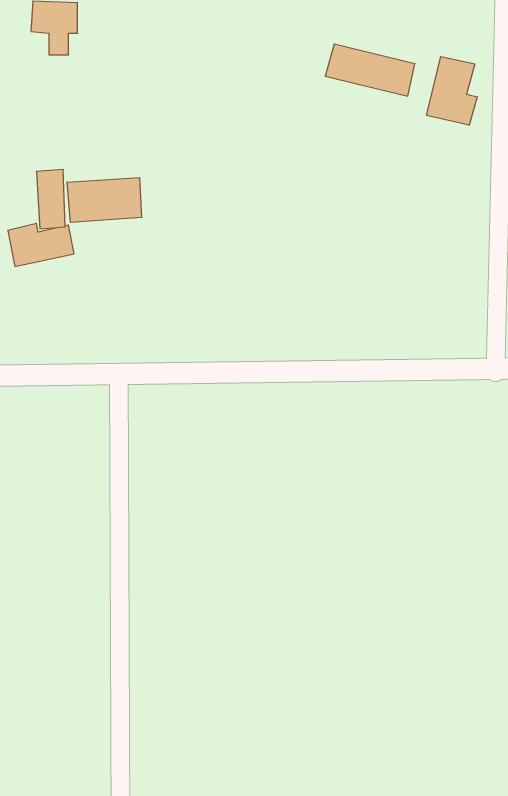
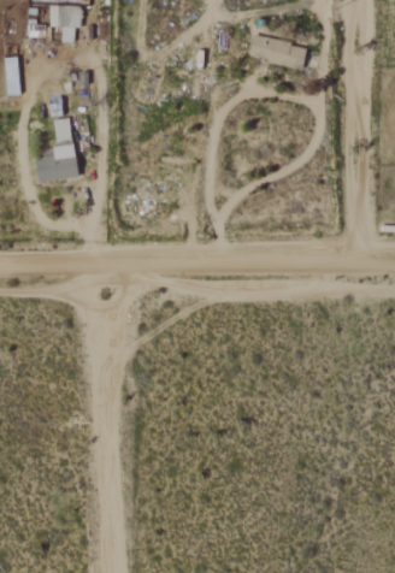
building: [427,57,477,125] -> none
building: [67,178,142,222] -> none

